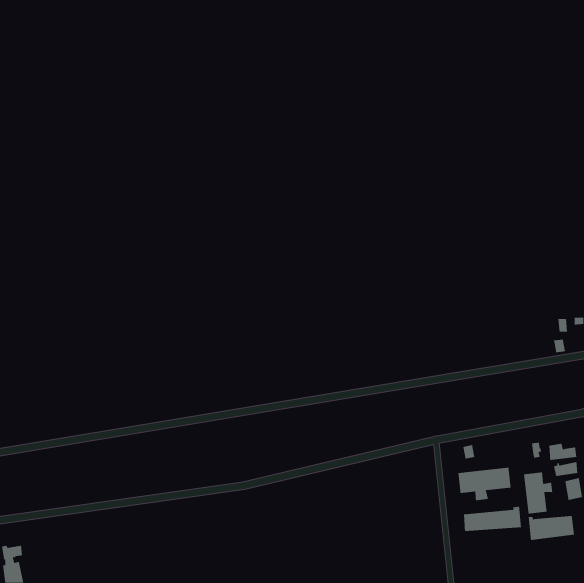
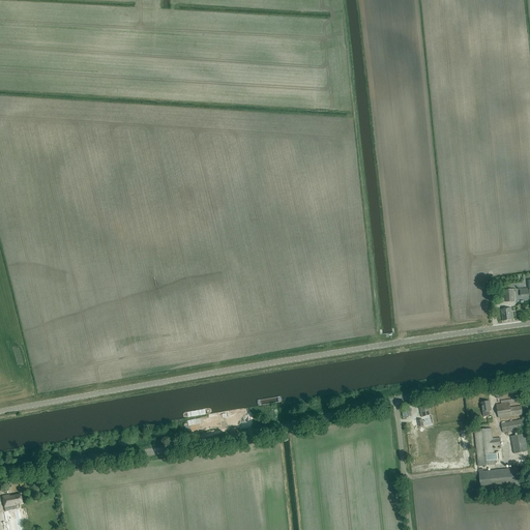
building: [458,467,511,501] -> none
building: [464,506,522,532] -> none

